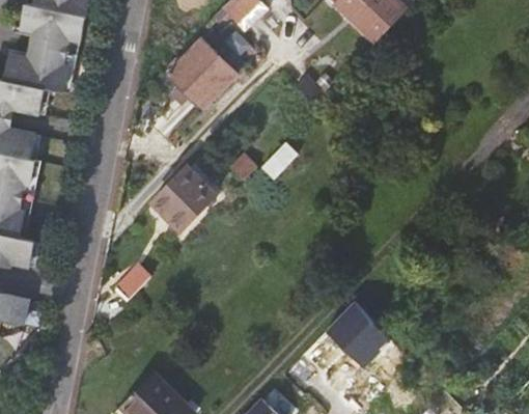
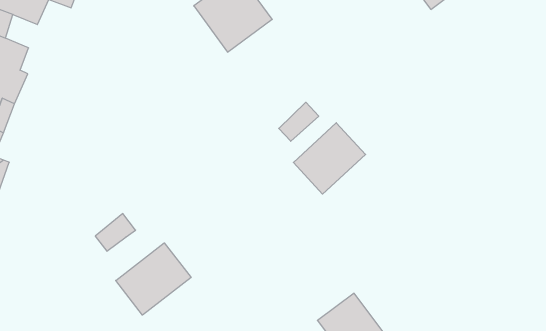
building: none -> [293,123,366,194]
building: [150,168,213,230] -> none
building: none -> [116,243,191,315]

